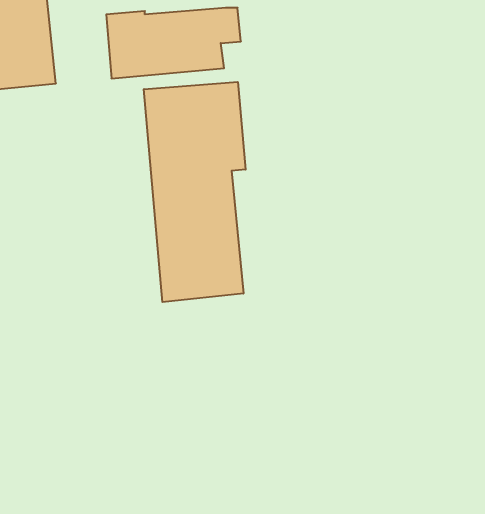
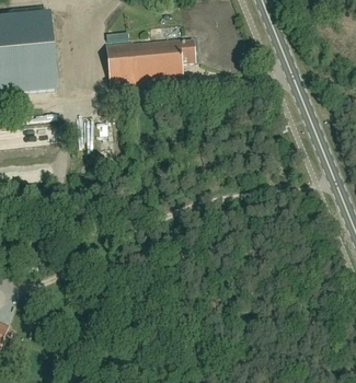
building: [144,82,246,302] -> none

